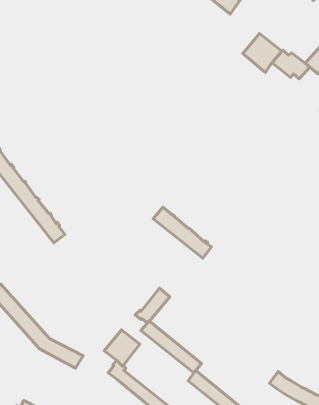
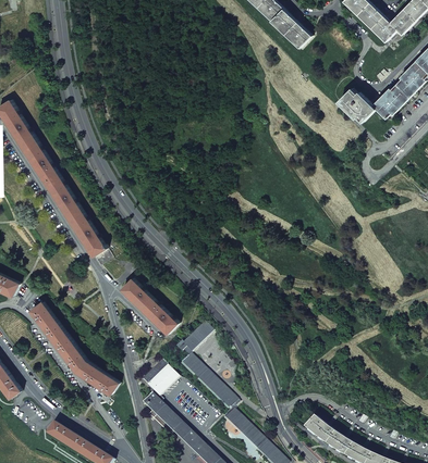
building: [243,33,282,72] -> none
building: [153,207,211,258] -> [121,277,178,333]

